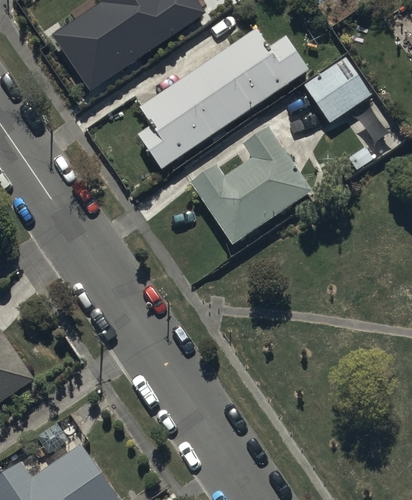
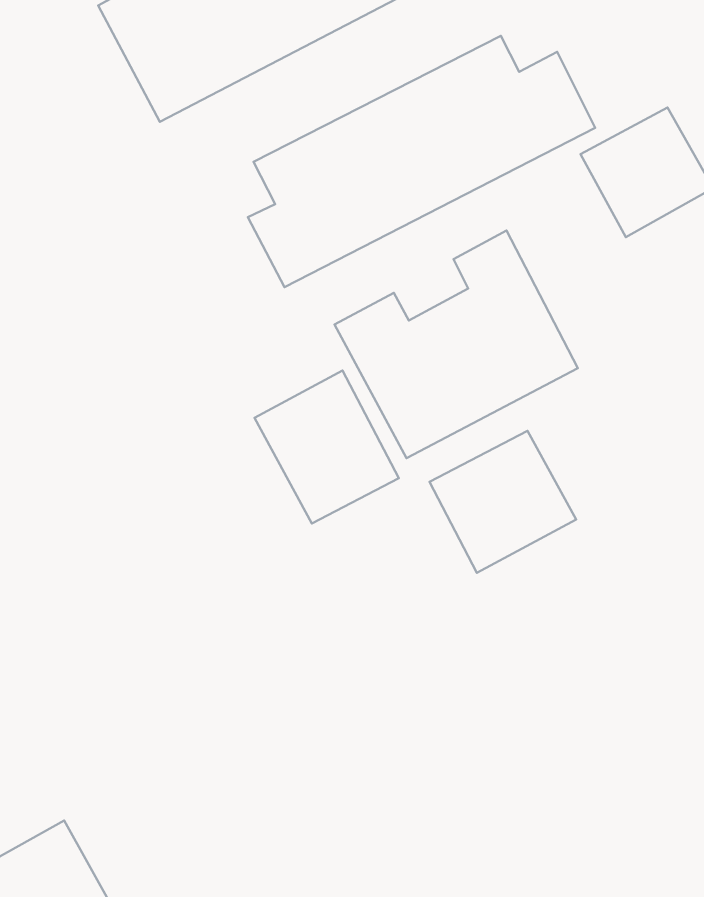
building: none -> [254,370,399,524]
building: none -> [429,431,576,573]

